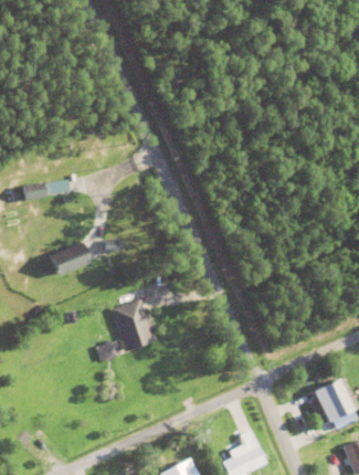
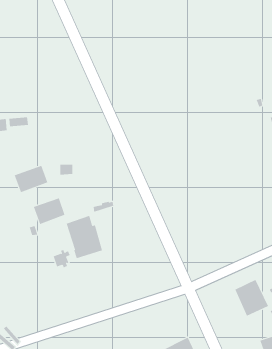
building: none -> [33,197,65,225]

